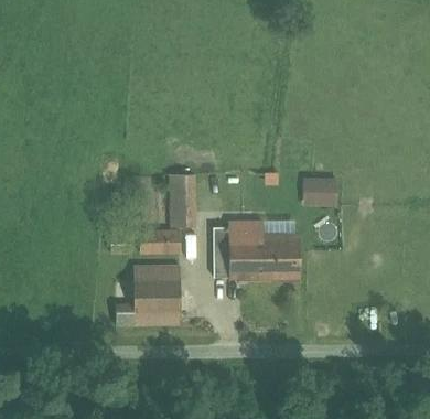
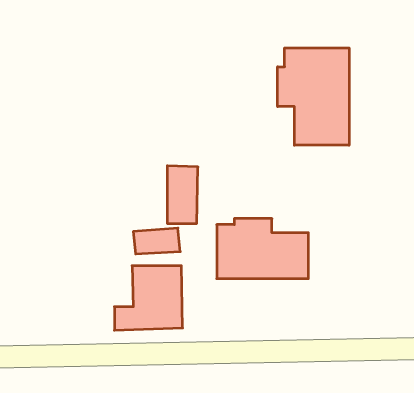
building: none -> [278,48,349,145]
building: [301,176,335,205] -> none

